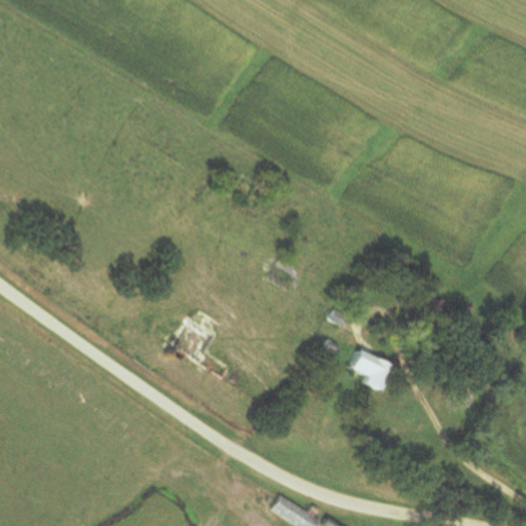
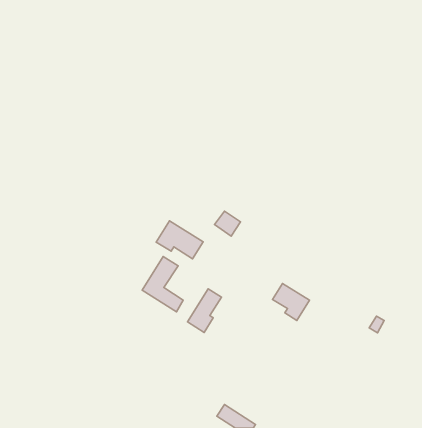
building: none -> [156,221,203,259]
building: none -> [187,289,222,333]

